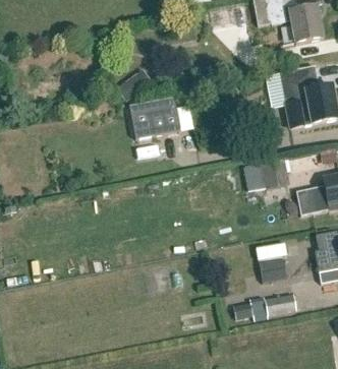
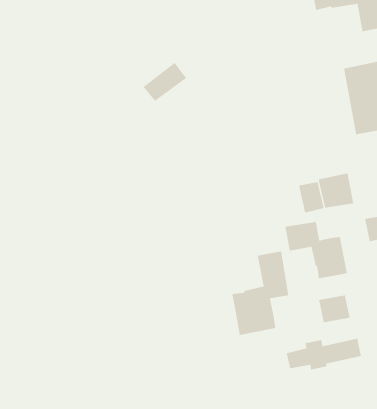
building: [129,97,180,138] -> none
building: none -> [284,221,348,279]
building: none -> [232,251,289,336]

